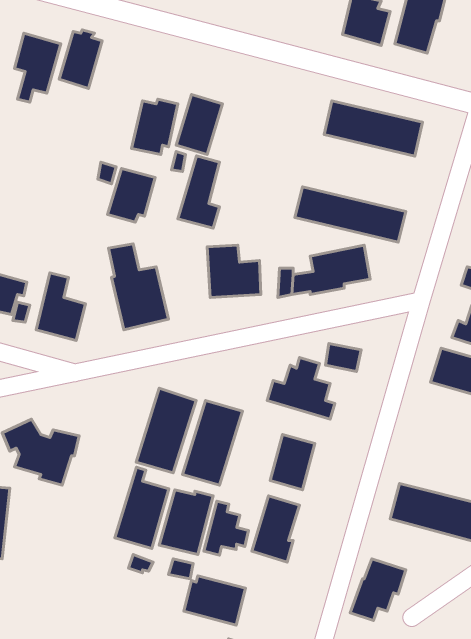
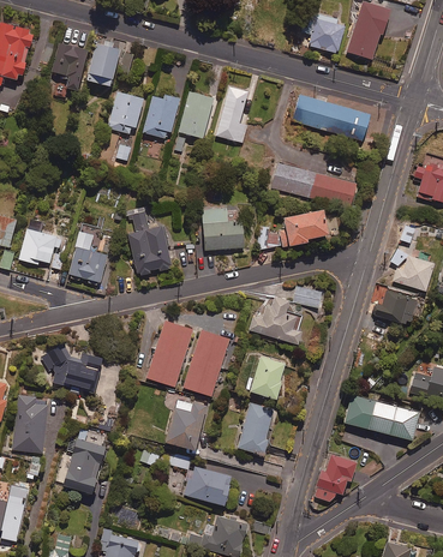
building: [178,156,219,228] -> [215,86,247,143]
building: [108,168,155,222] -> [107,91,144,133]
building: [115,467,169,549] -> [62,430,104,493]
building: [204,501,249,555] -> none

